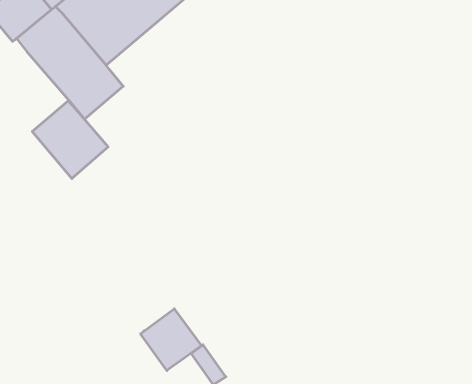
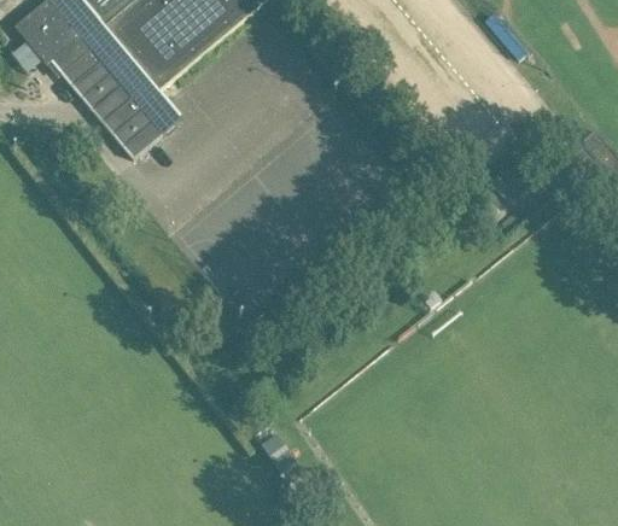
building: [32,101,108,179] -> none
building: [141,309,202,371] -> none

